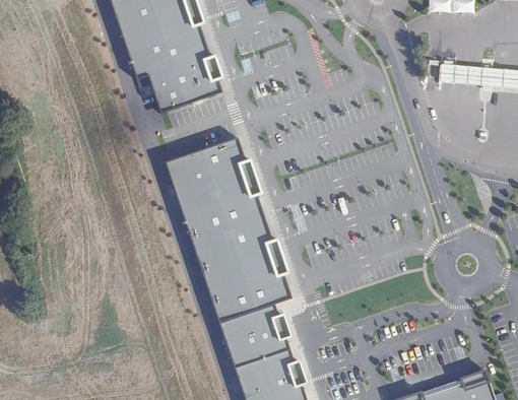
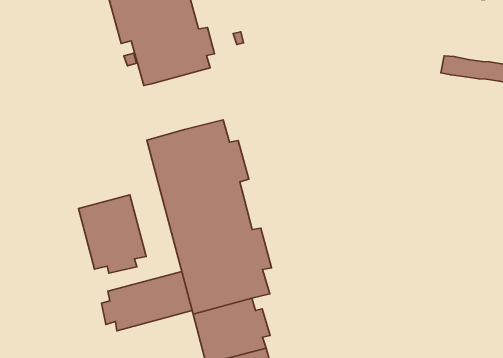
building: none -> [79,195,146,273]
building: none -> [102,272,192,331]

